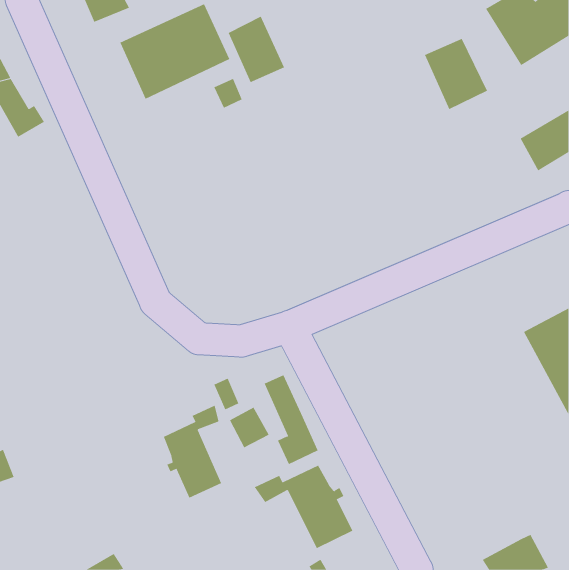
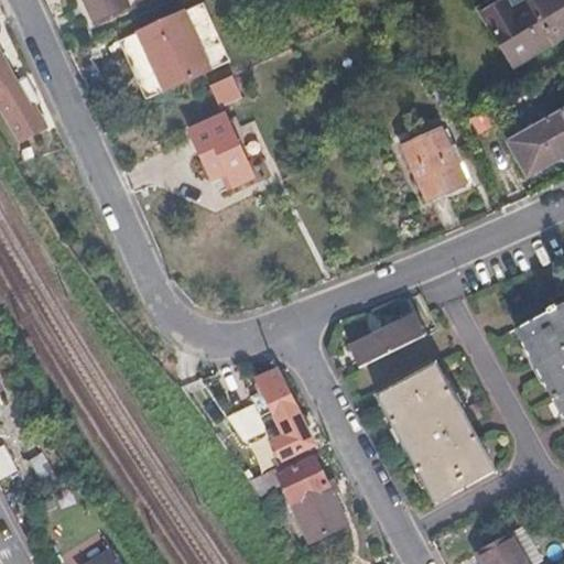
building: [228,16,285,83] -> [189,113,246,180]
building: [424,38,488,110] -> [402,128,465,198]
building: none -> [349,308,435,367]
building: none -> [376,362,494,503]
building: [163,405,222,499] -> none

